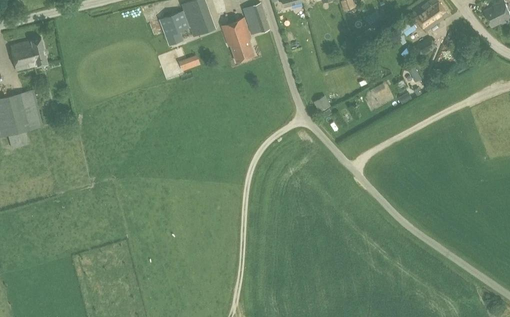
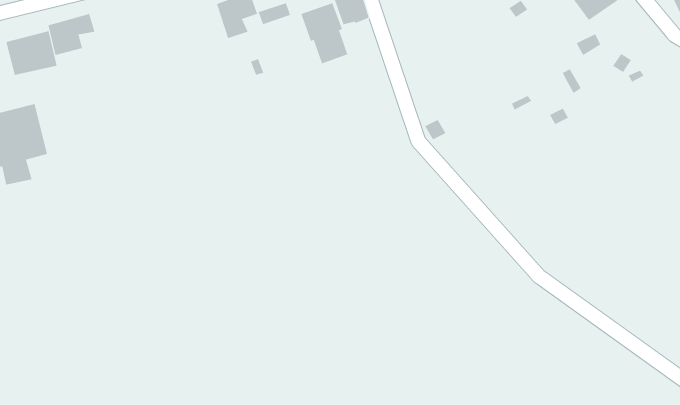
building: none -> [48,13,95,56]

